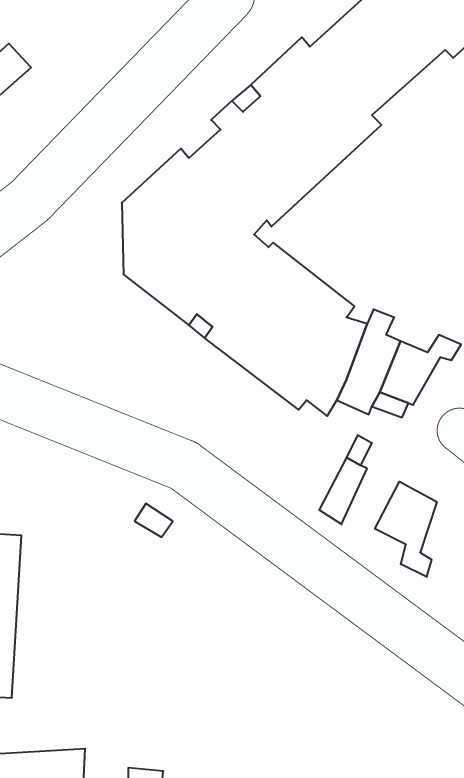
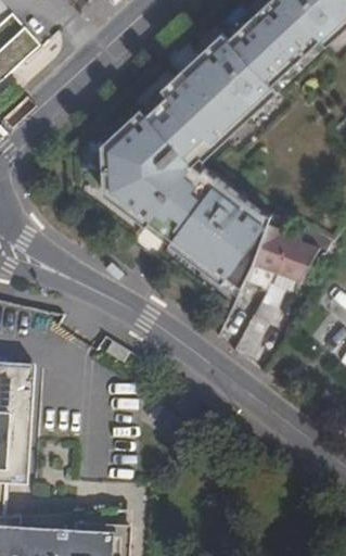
building: [375,482,437,577] -> none

